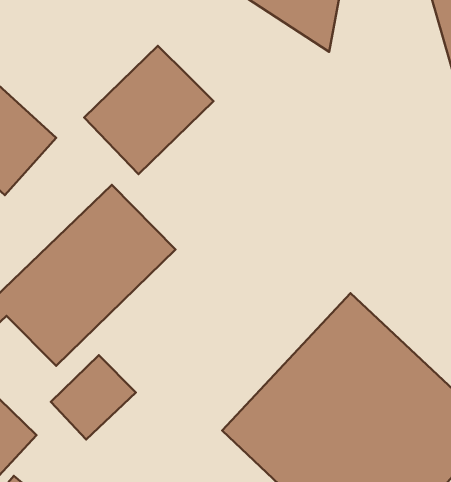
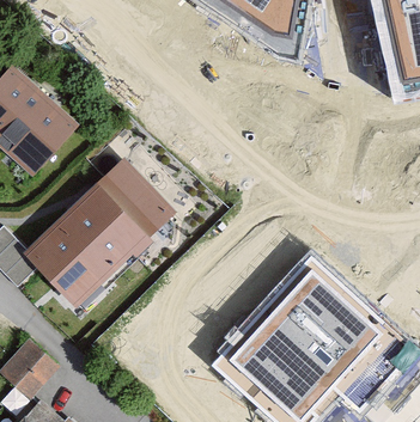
building: [84,46,214,174] -> none
building: [51,355,136,440] -> none

